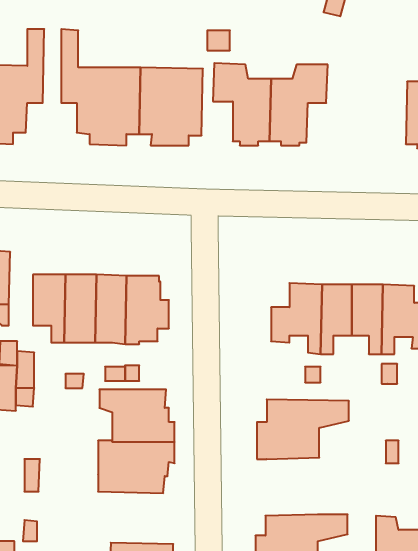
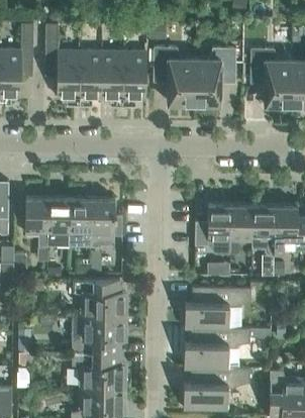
building: none -> [250,49,292,107]
building: none -> [184,328,250,370]
building: none -> [72,352,125,390]

